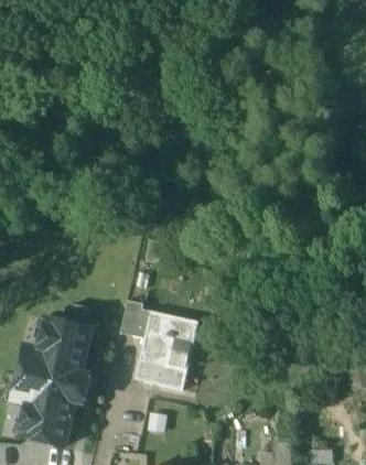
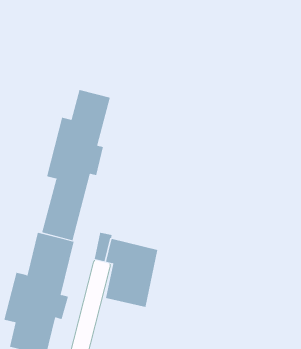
building: none -> [42,89,111,241]

